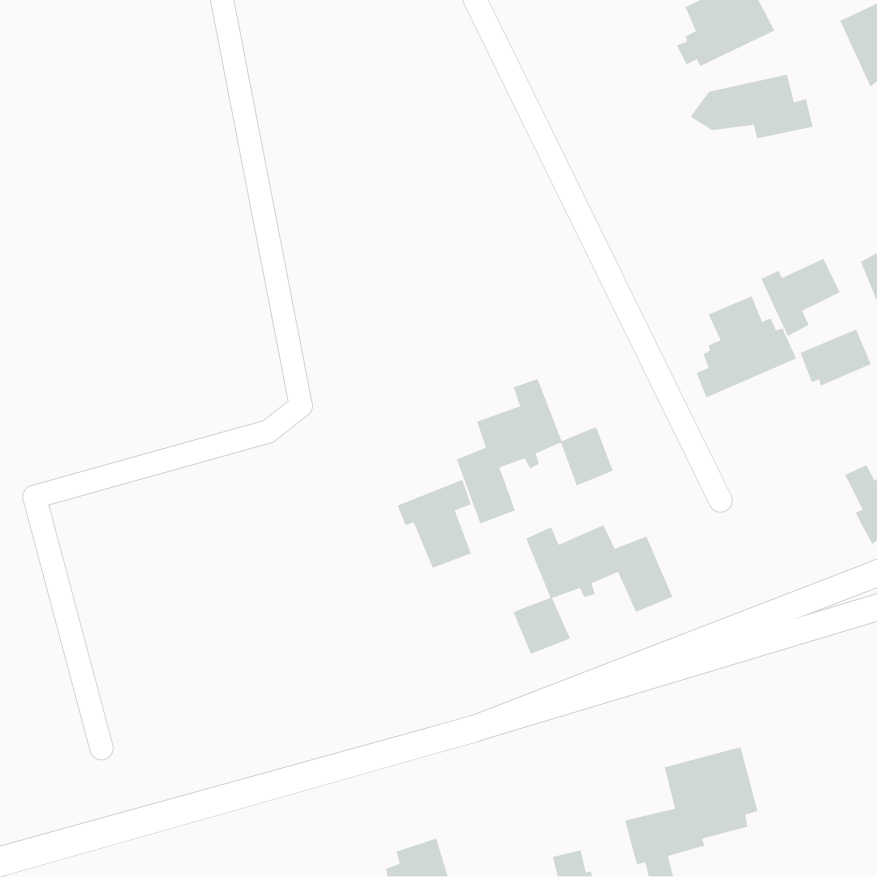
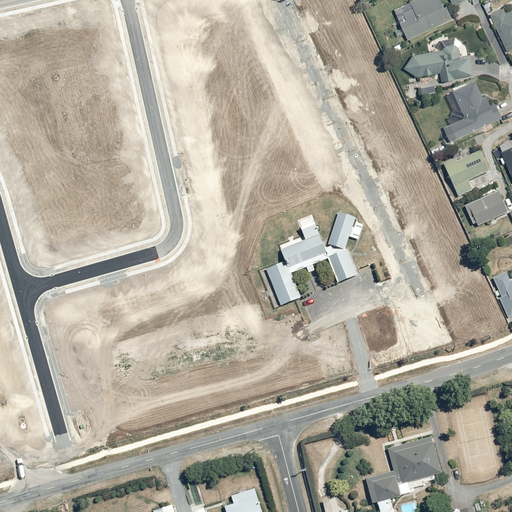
building: [696,295,797,398] -> [444,81,503,141]
building: none -> [328,212,364,249]
building: [397,479,472,569] -> none
building: [513,524,674,655] -> none

